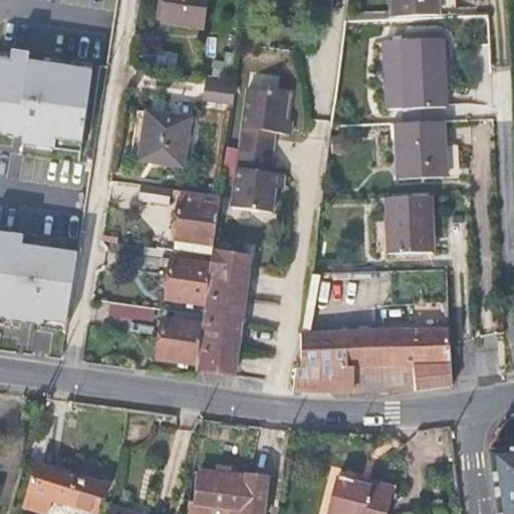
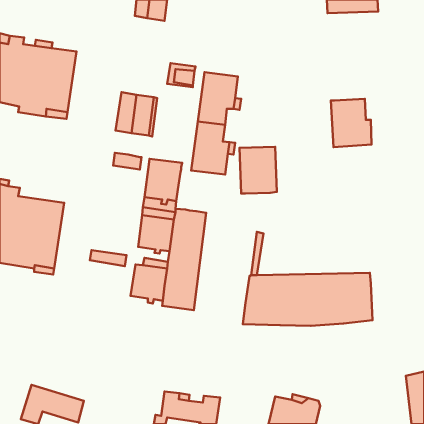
building: [386,40,448,121] -> none
building: [388,196,433,252] -> [239,147,277,194]

